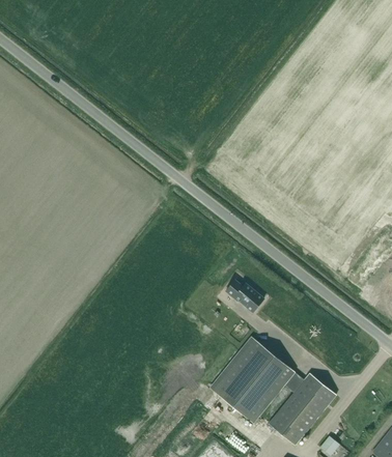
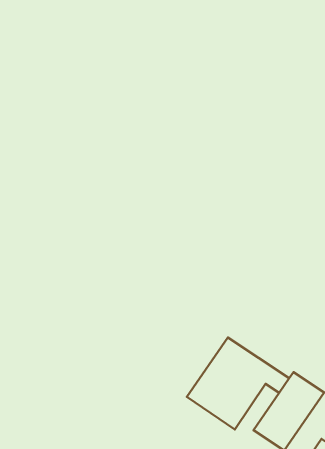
building: [225,280,263,312] -> none

